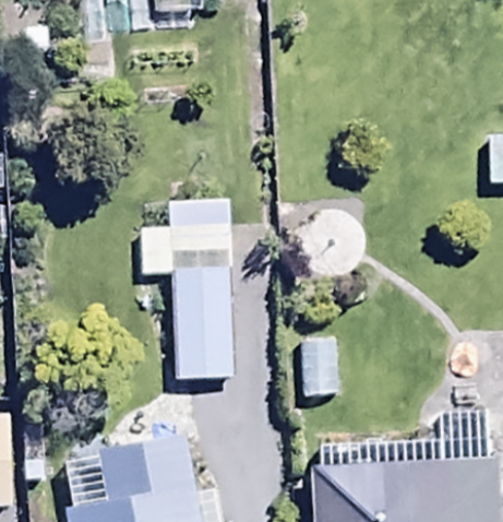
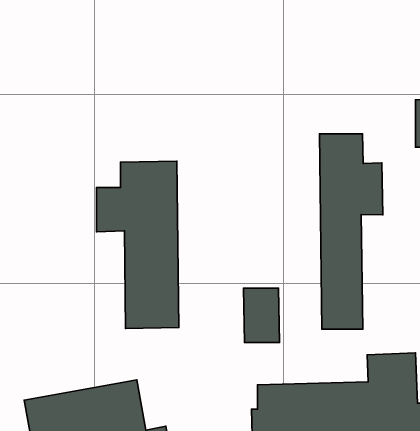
building: none -> [319,134,383,329]

